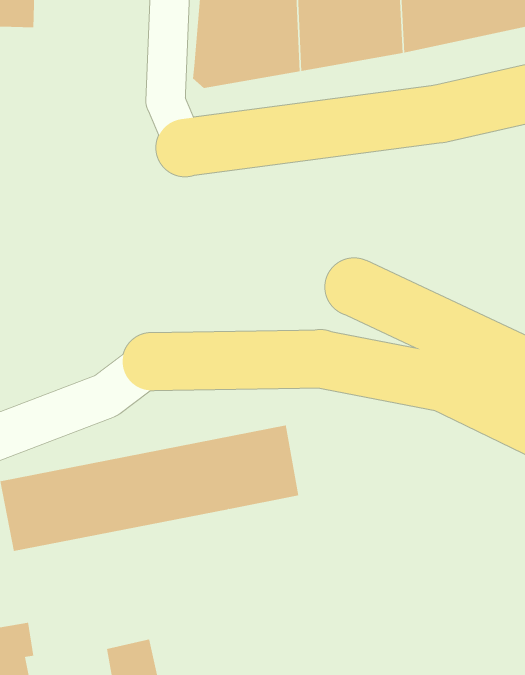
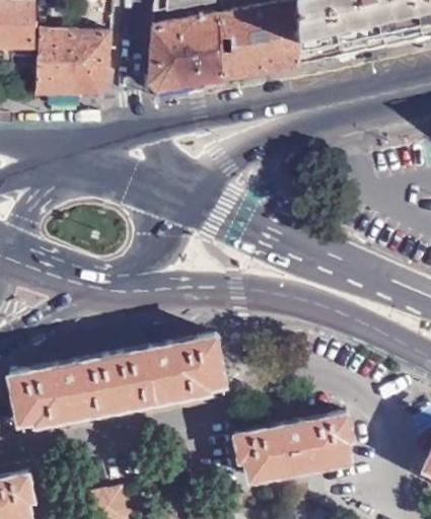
building: none -> [35,34,112,95]
building: none -> [233,416,351,481]

